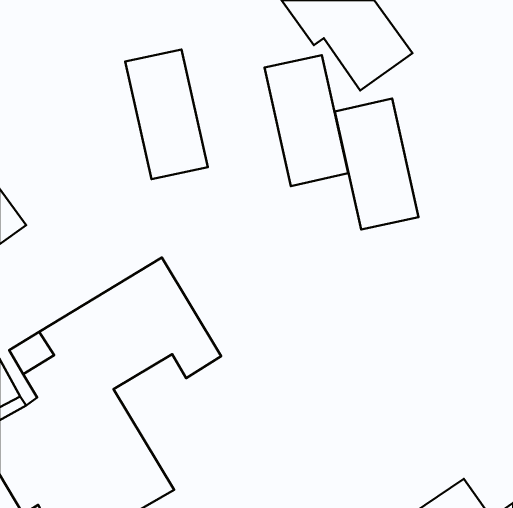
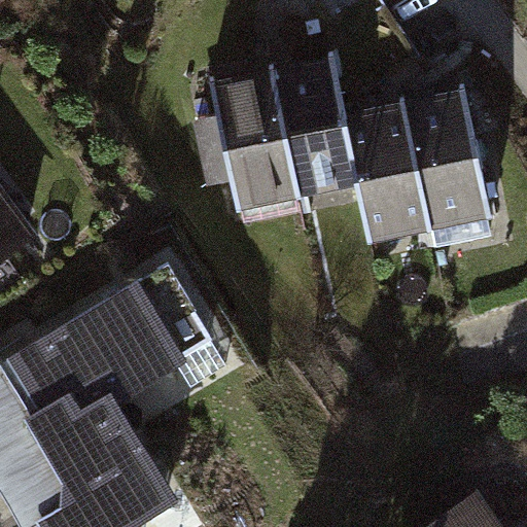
building: [125,49,208,179] -> [213,76,297,209]
building: none -> [401,94,487,227]

